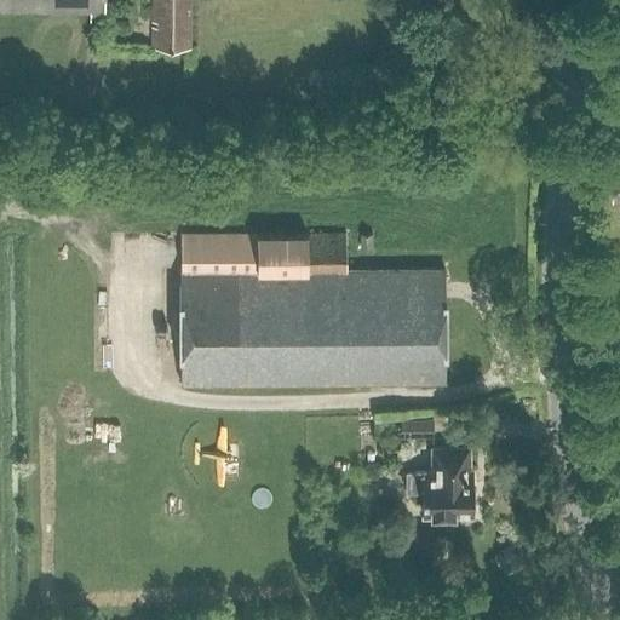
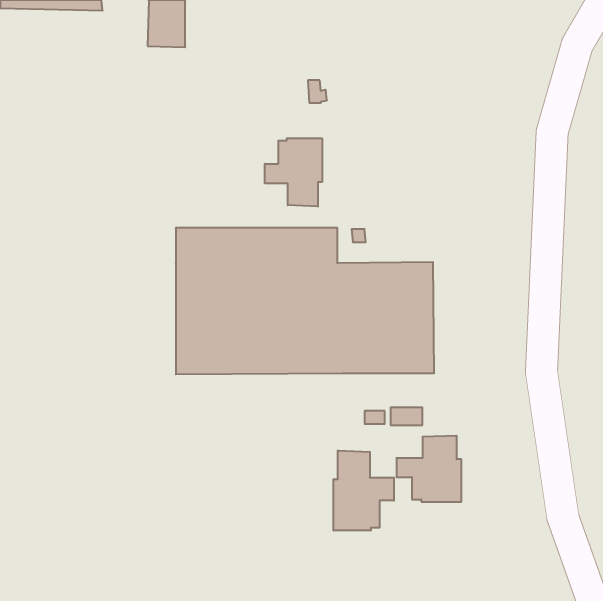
building: none -> [265,138,322,207]
building: none -> [334,450,394,531]

